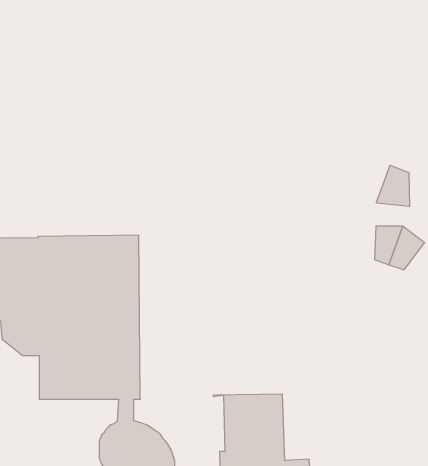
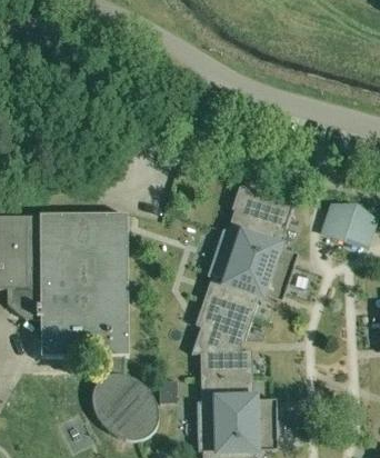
building: [376,165,409,207] -> none
building: none -> [192,181,296,351]

